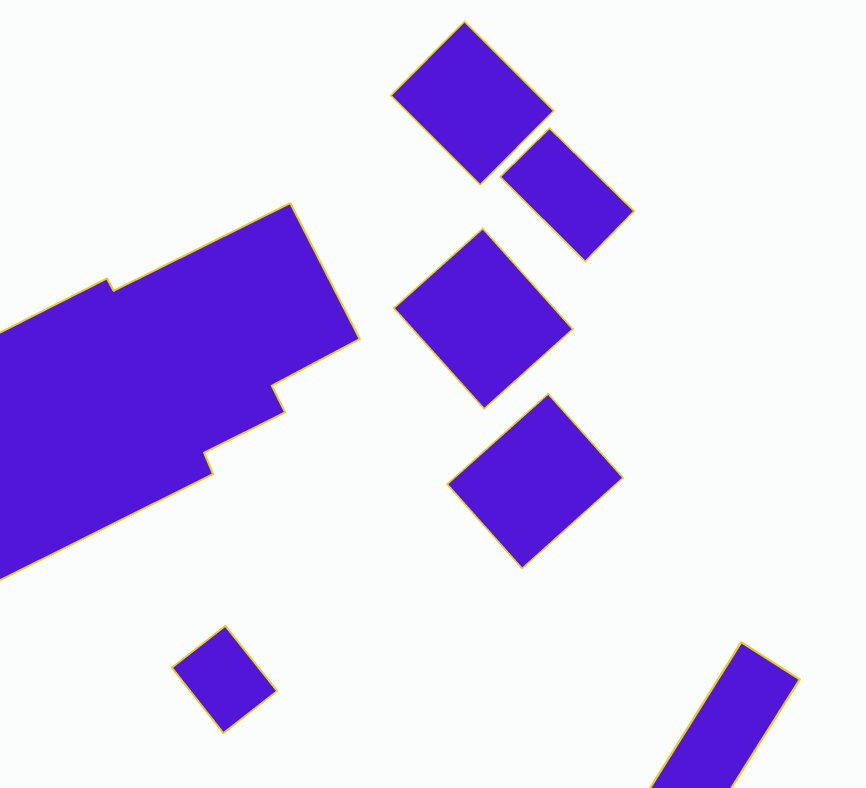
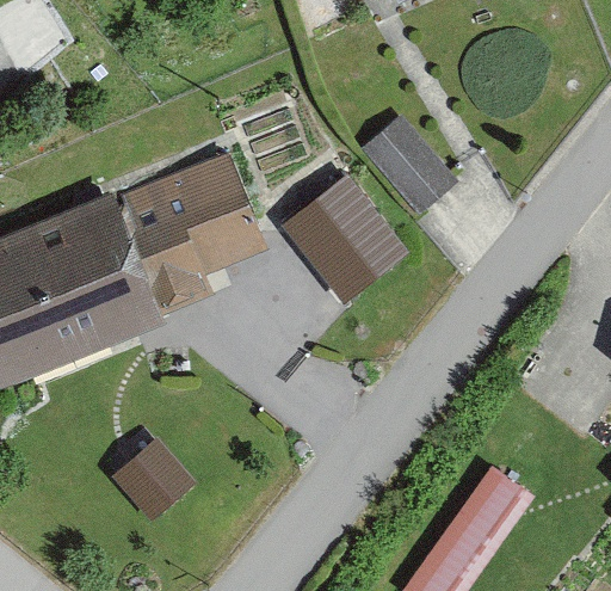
building: [391,22,554,185] -> none
building: [447,394,623,568] -> none

